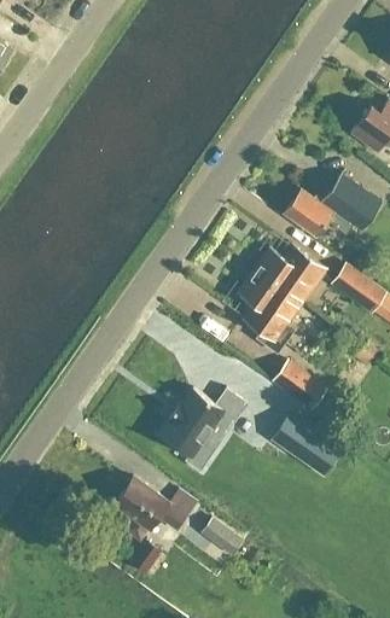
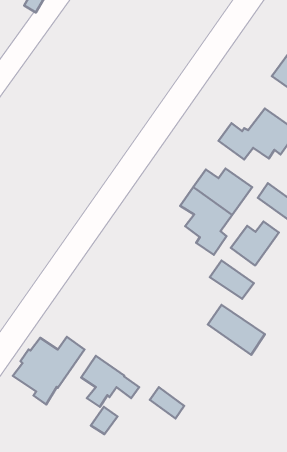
building: none -> [231,221,279,265]
building: [158,387,246,471] -> [13,337,84,404]

